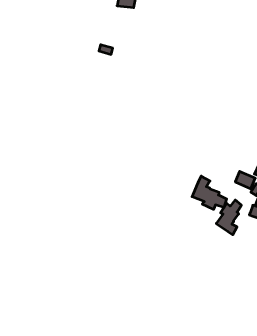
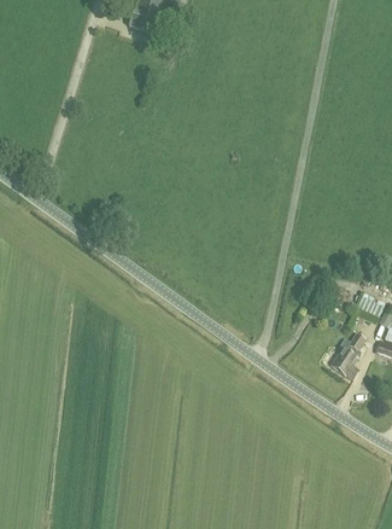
building: [192,176,227,209] -> none

